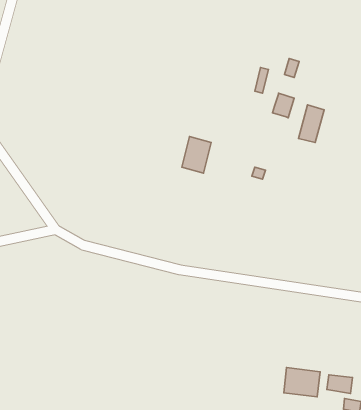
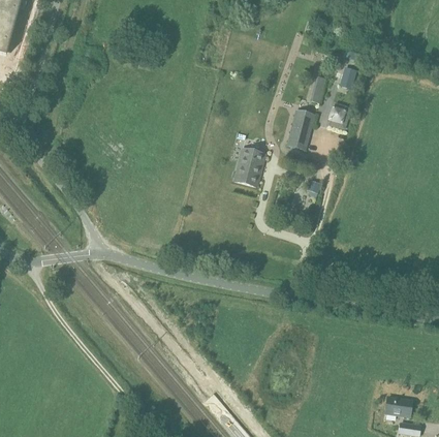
building: [299,105,324,143] -> [288,108,315,148]
building: [284,368,320,397] -> none

